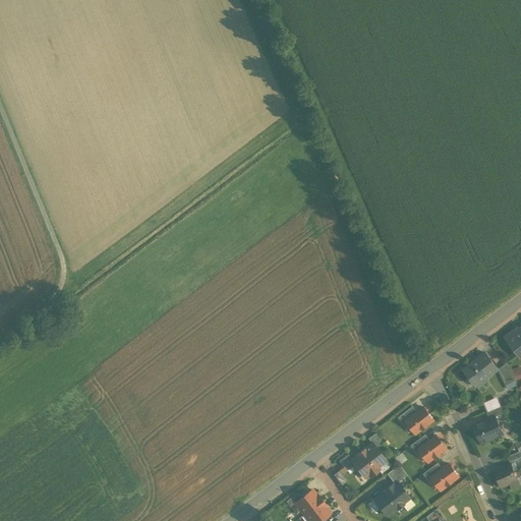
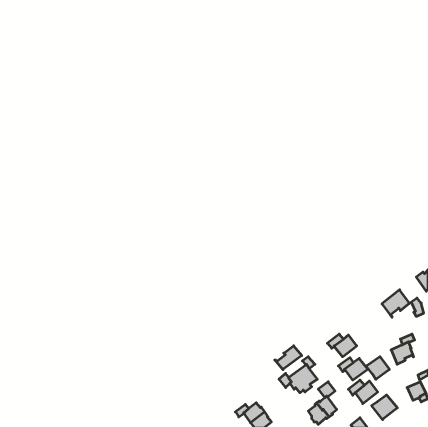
building: none -> [275,346,302,370]
building: none -> [366,357,389,379]
building: none -> [372,395,397,420]

